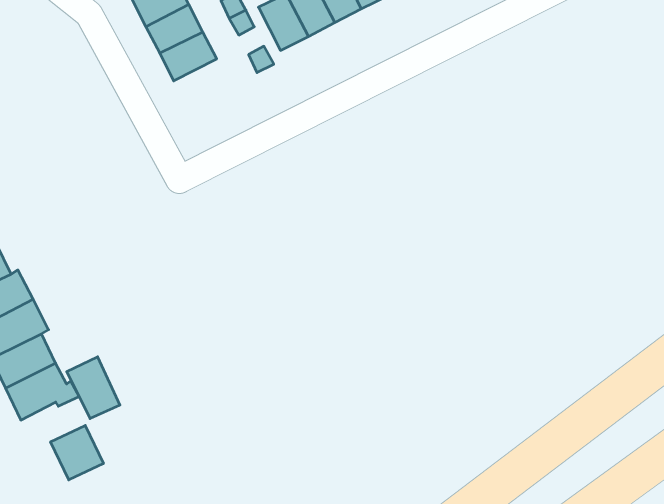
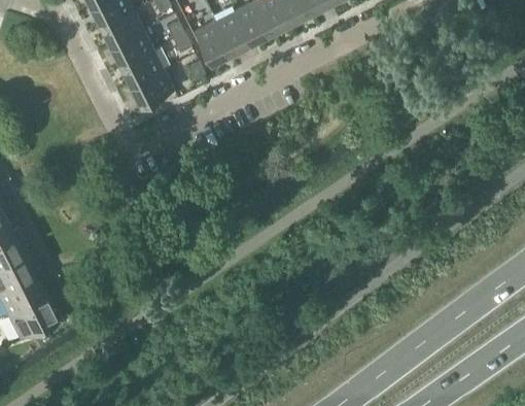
building: none -> [131,70,173,106]
building: [67,357,120,419] -> none
building: [51,425,103,480] -> none

